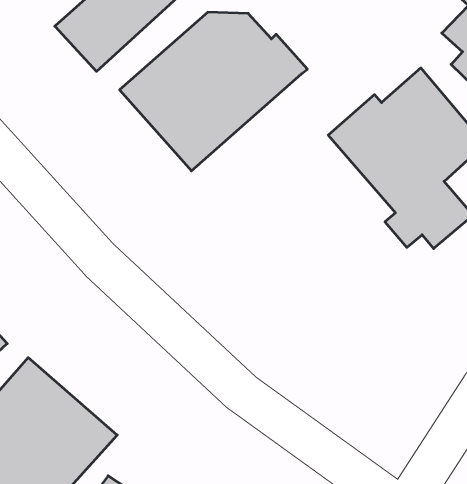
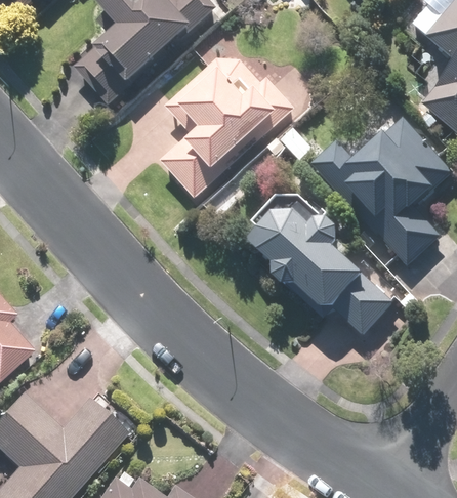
building: none -> [252,193,397,333]

